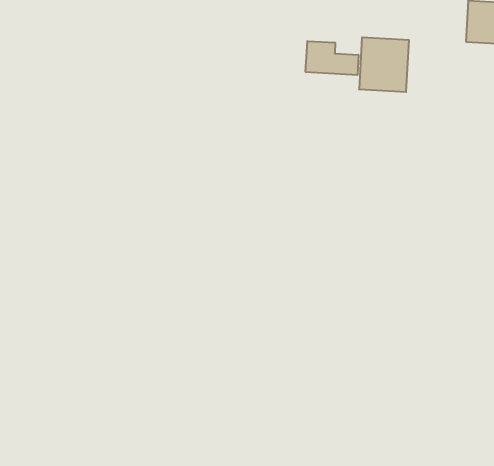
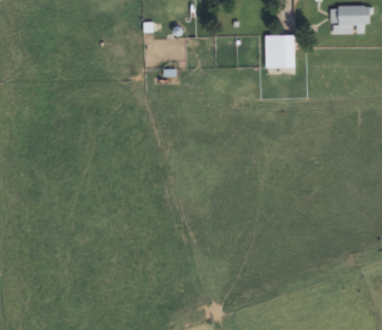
building: [306,41,358,75] -> none

